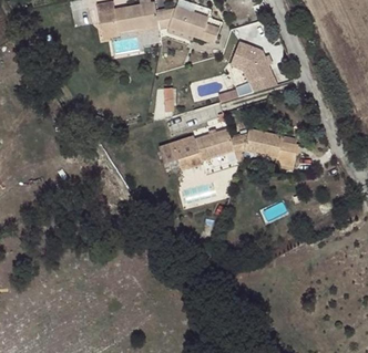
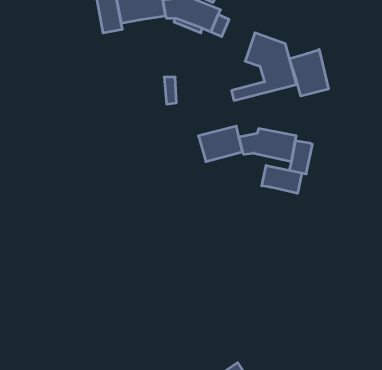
building: none -> [289,49,328,96]
building: [162,133,197,168] -> none
building: none -> [262,165,302,193]

